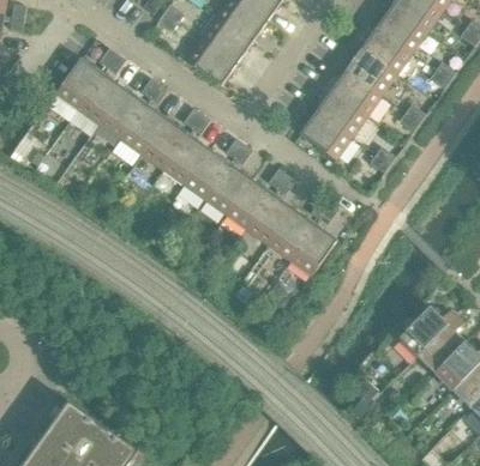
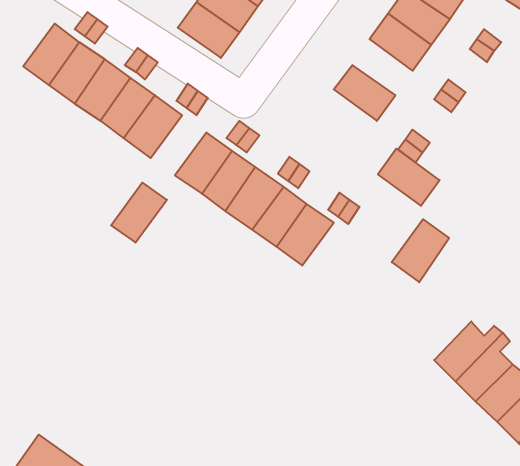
building: [330,71,380,117] -> none
building: [299,113,350,161] -> [378,149,440,206]
building: [161,134,208,184] -> [111,183,167,243]
building: [288,224,336,277] -> [392,219,449,282]

